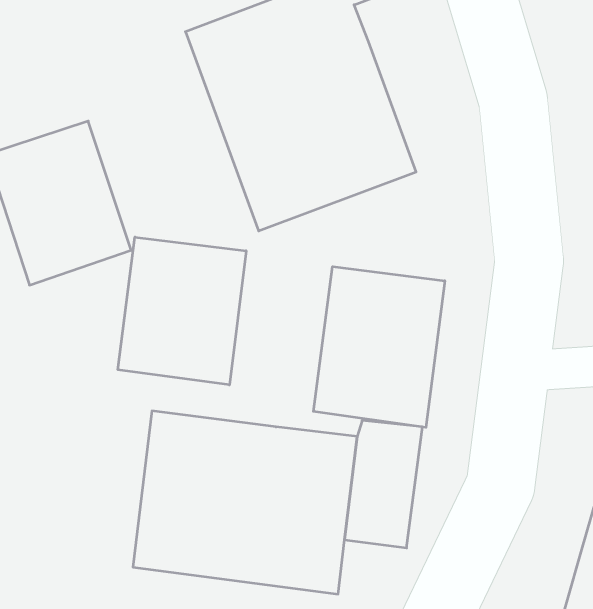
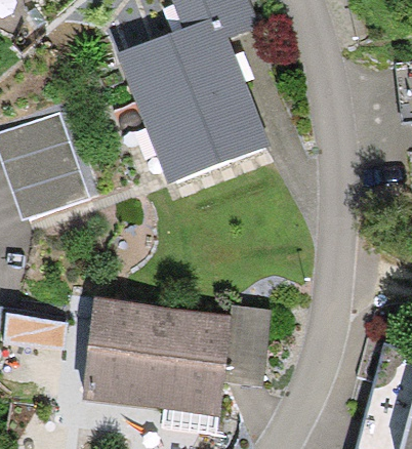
building: [118,237,246,385] -> none
building: [313,267,445,427] -> none

